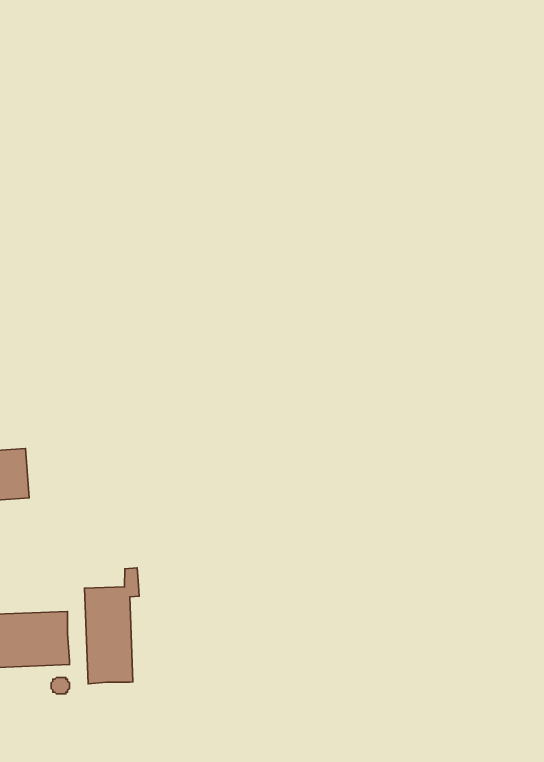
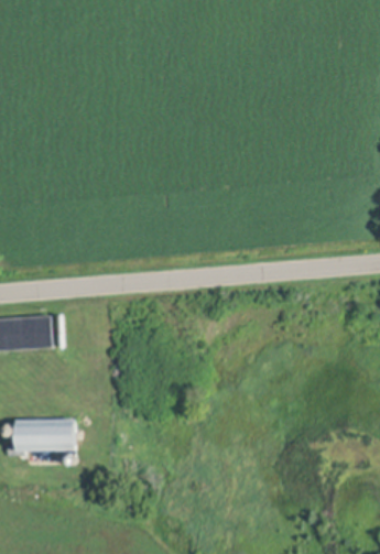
building: [85,568,139,684] -> none

